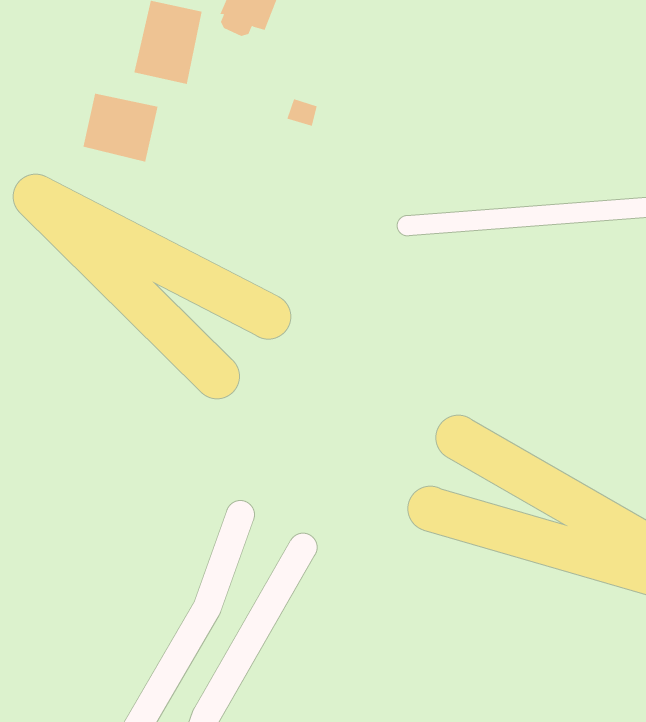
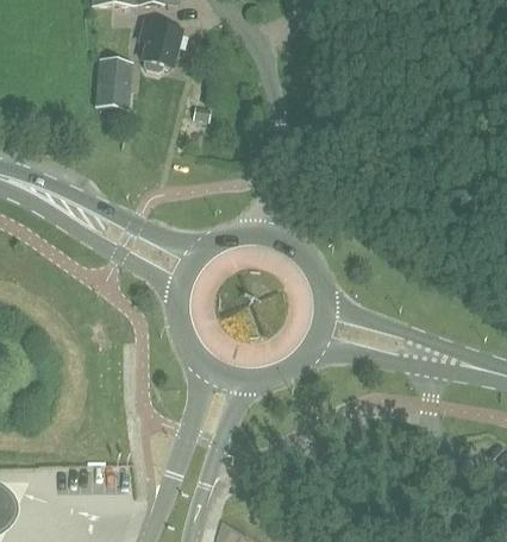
building: [83,93,158,163] -> none

